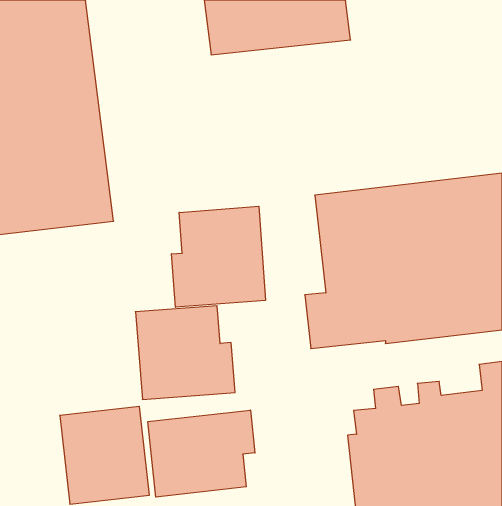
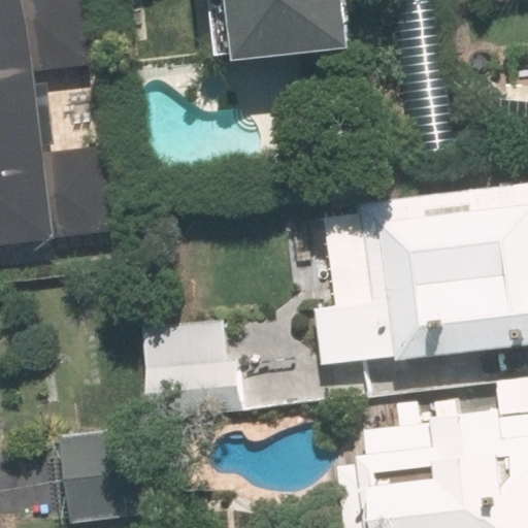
building: [172,206,265,307] -> none
building: [148,410,255,497] -> none

